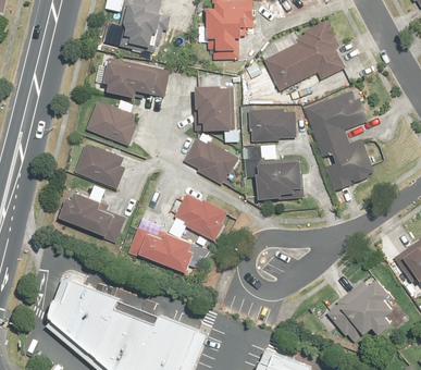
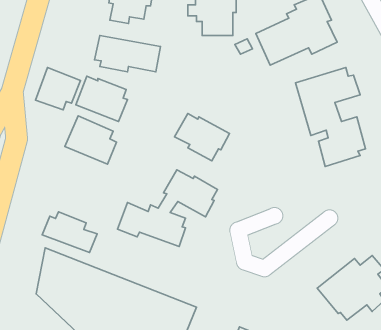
building: [195,74,242,143] -> none
building: none -> [35,68,81,110]
building: [249,109,297,141] -> none
building: [243,146,306,198] -> none
building: [61,193,115,233] -> [42,212,97,252]

